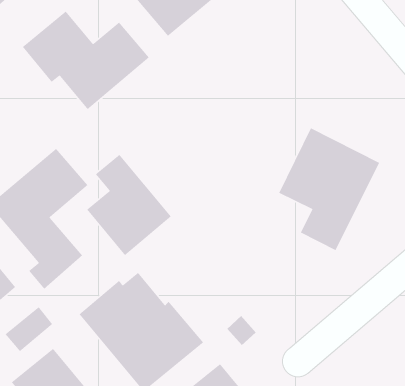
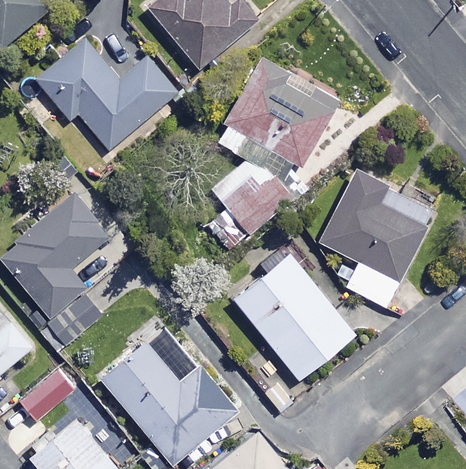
building: none -> [208,54,346,248]
building: [86,154,172,256] -> none
building: none -> [232,253,354,380]

